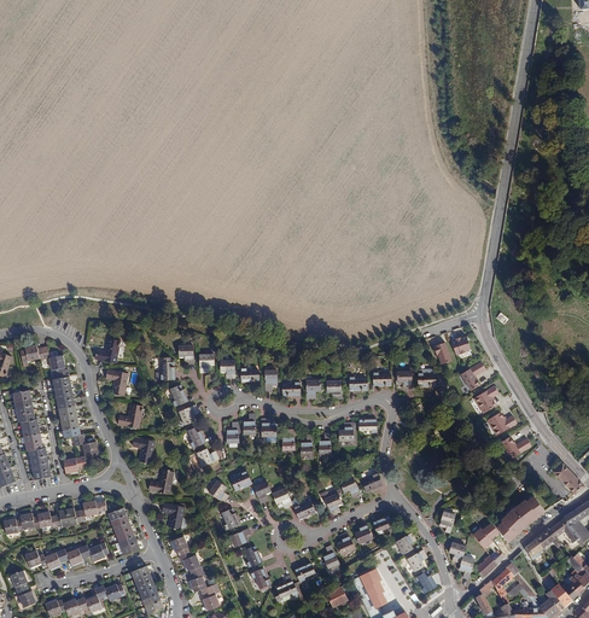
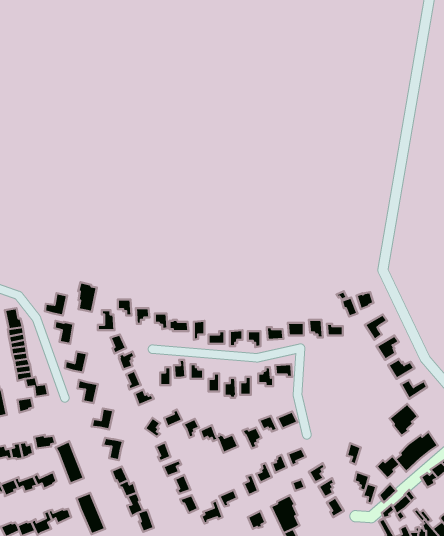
building: none -> [78,282,97,312]
building: none -> [390,404,418,436]

